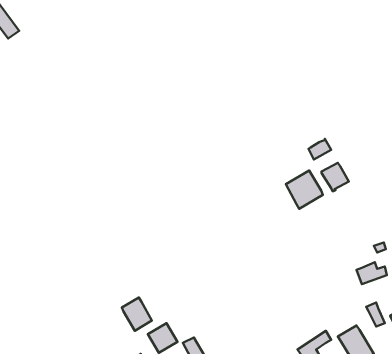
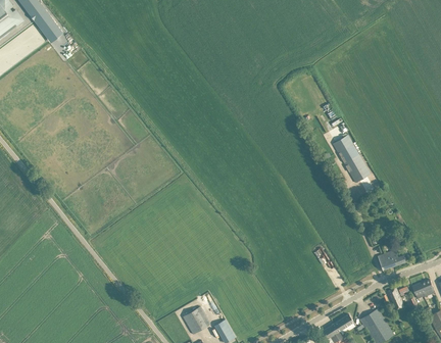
building: [286,170,323,209] -> none
building: [122,297,152,331] -> none

